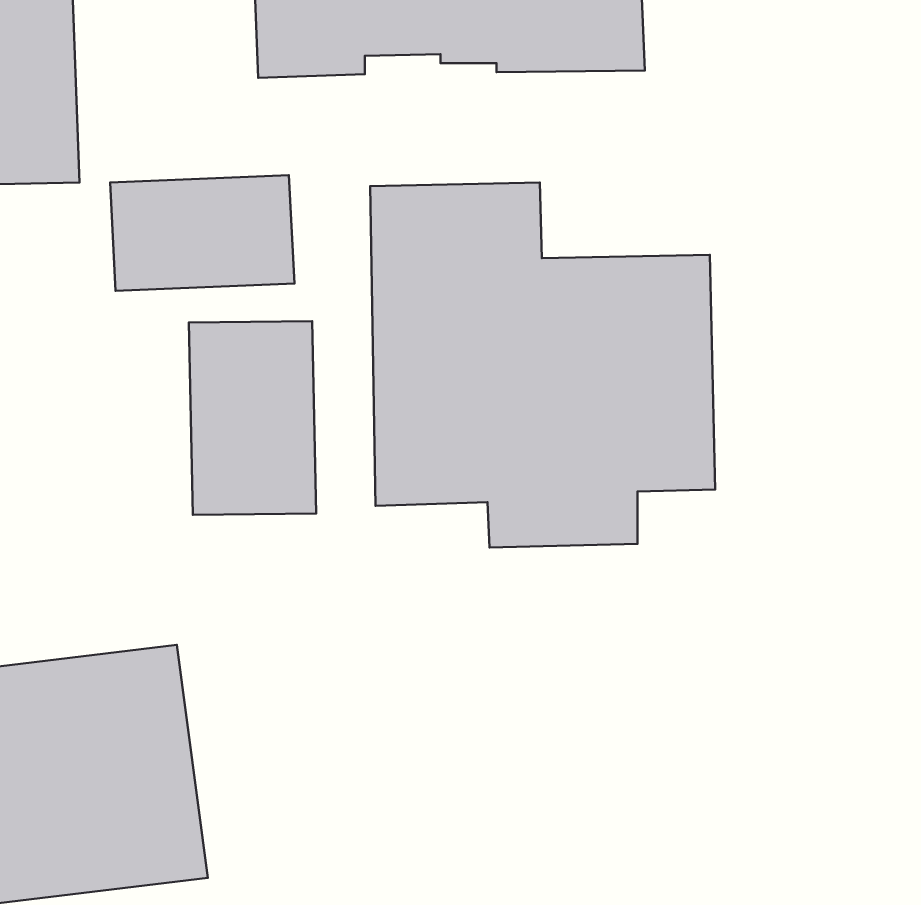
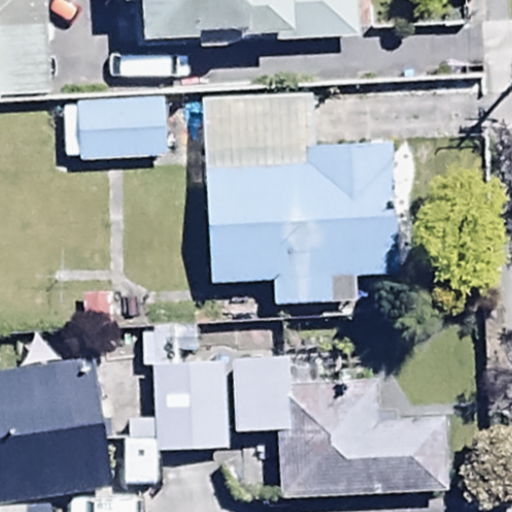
building: [189,321,316,515] -> none
building: none -> [233,357,447,495]
building: none -> [150,359,224,448]

